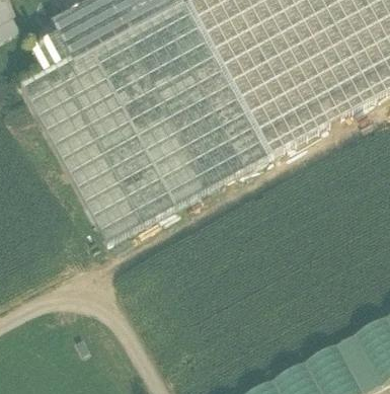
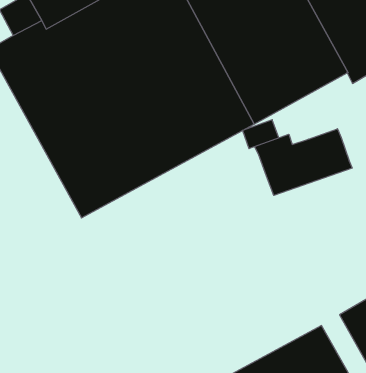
building: none -> [255,129,352,195]

